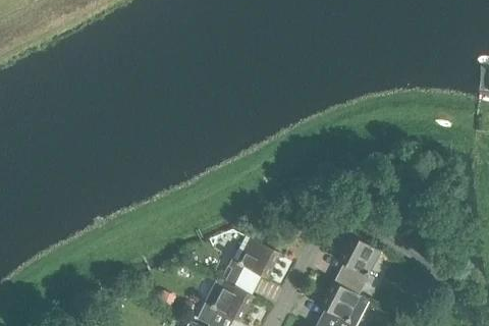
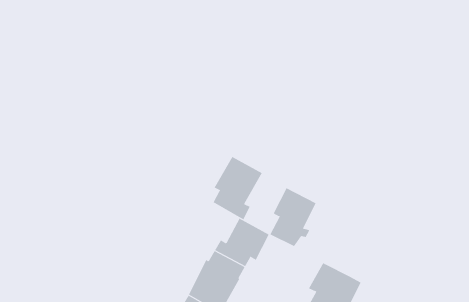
building: none -> [213,156,262,220]
building: [333,236,379,294] -> [270,188,316,247]

